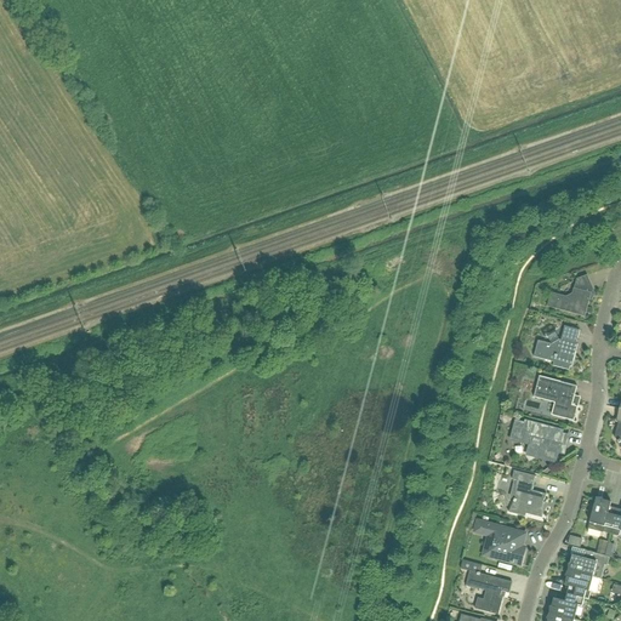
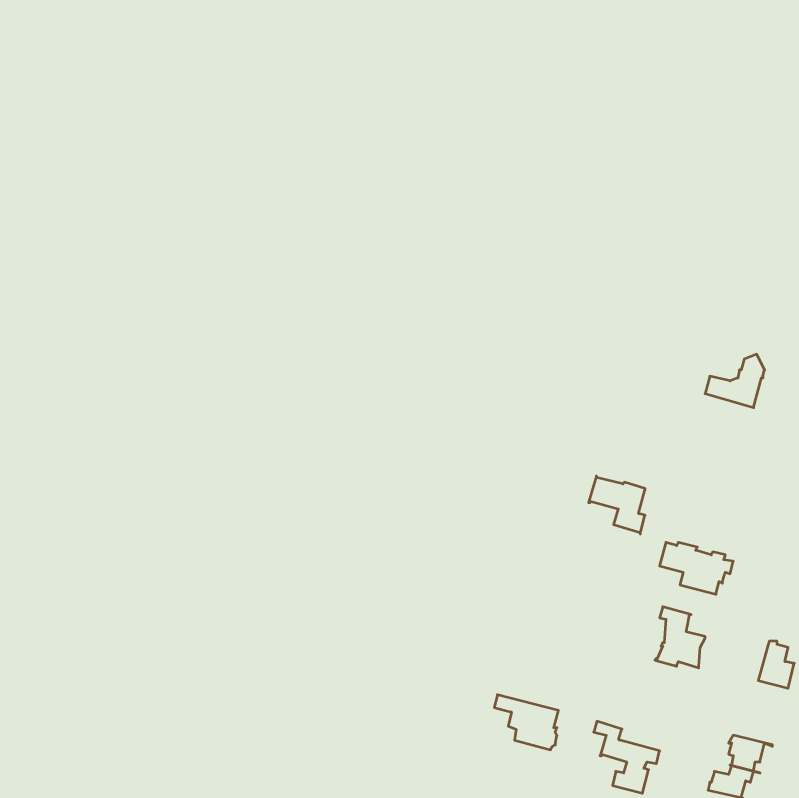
building: [532,325,579,369] -> none
building: [532,375,576,420] -> [589,476,645,534]
building: [474,520,524,563] -> [494,695,558,750]
building: [568,549,609,577] -> none

